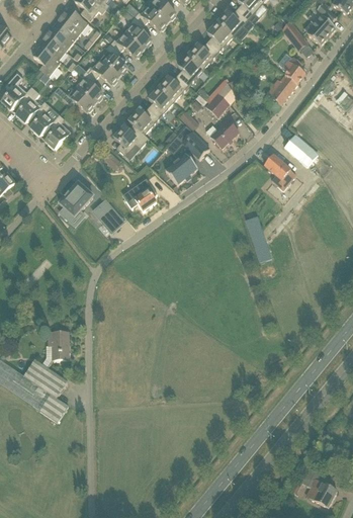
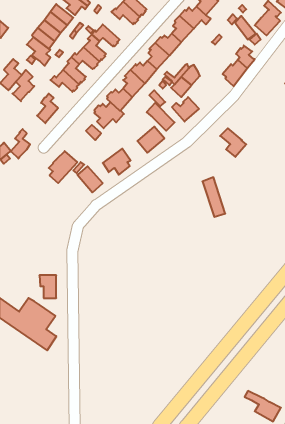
building: [123,15,152,49] -> none
building: [30,100,54,136] -> [11,129,30,159]
building: [284,133,318,165] -> none

